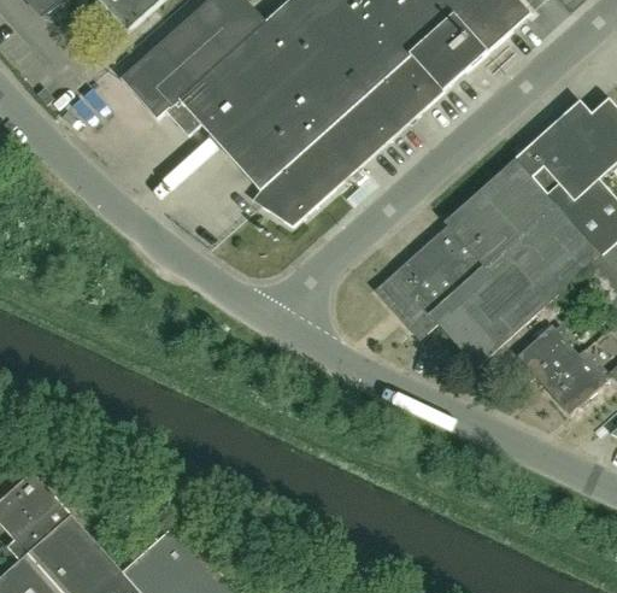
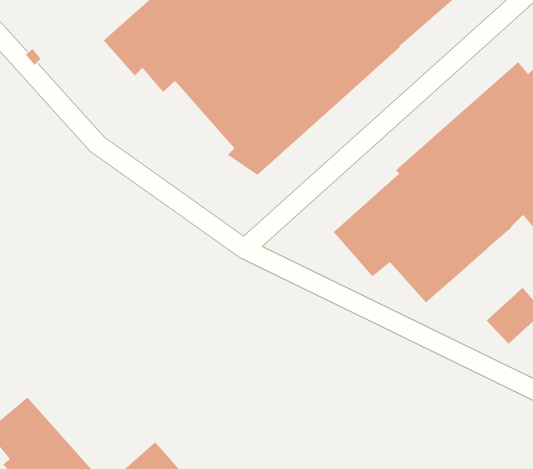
building: [494,307,584,387] -> none

